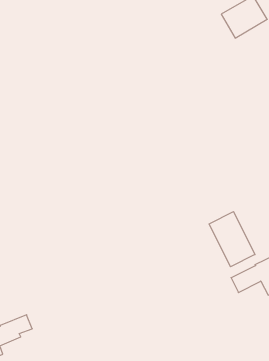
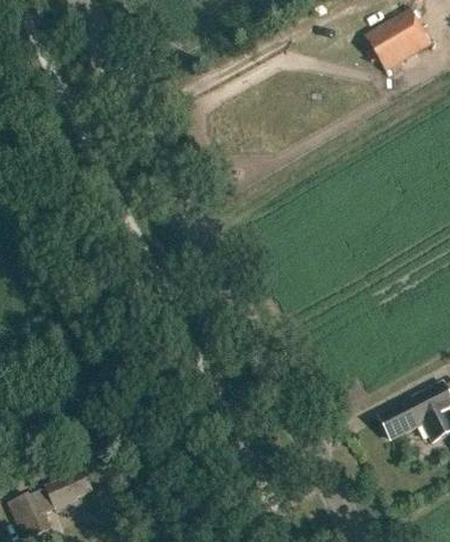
building: [209,212,255,267] -> none

